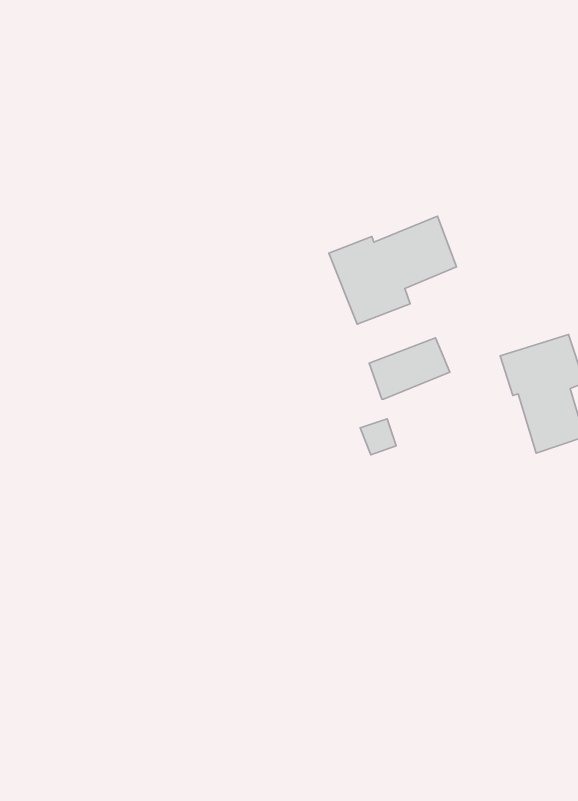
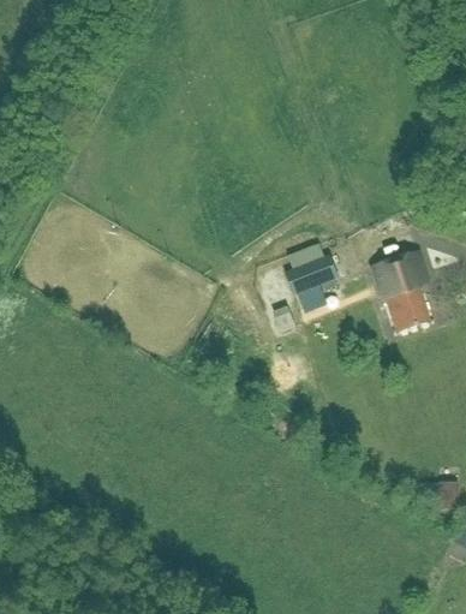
building: [329,216,457,324] -> none

